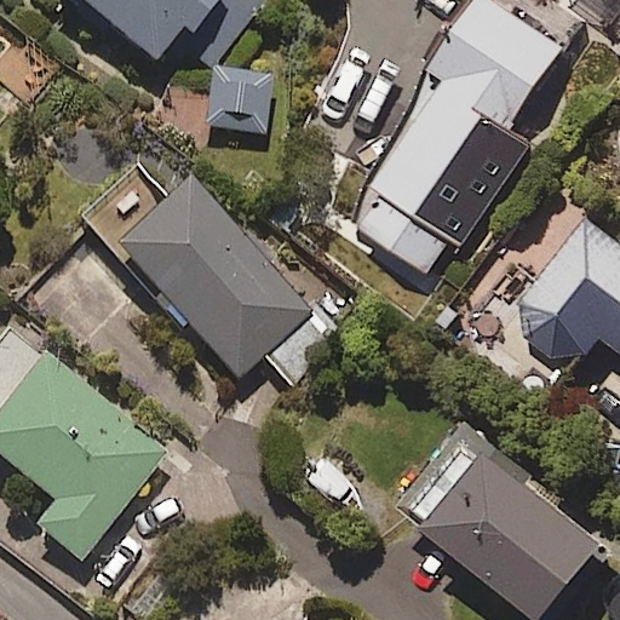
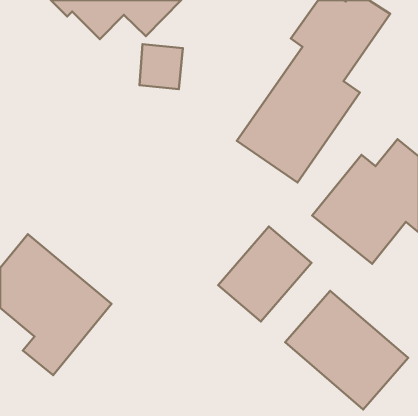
building: [80,162,345,389] -> none
building: none -> [218,227,311,321]

